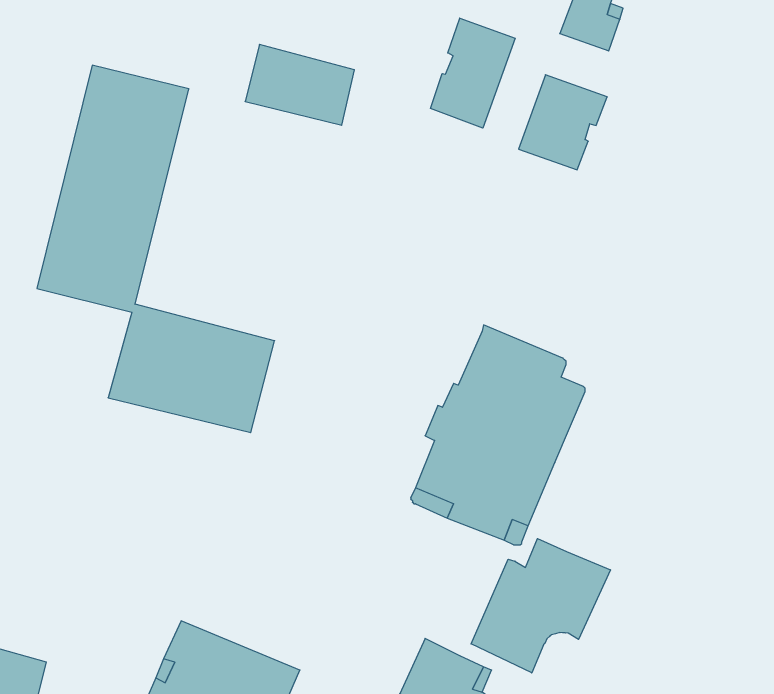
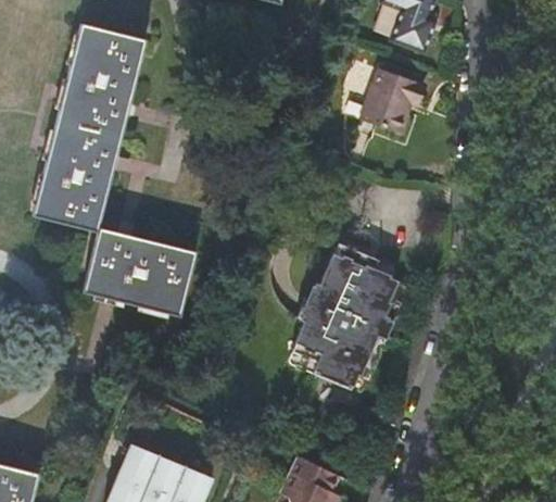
building: [430,18,515,128] -> none
building: [245,44,354,125] -> [71,23,146,78]
building: [471,539,610,673] -> none

